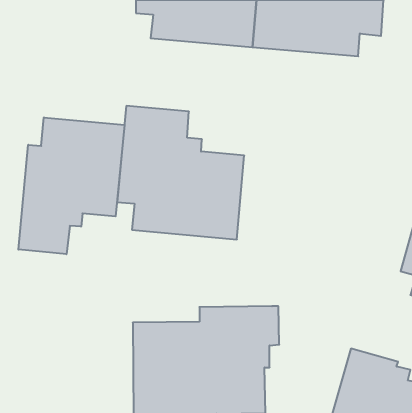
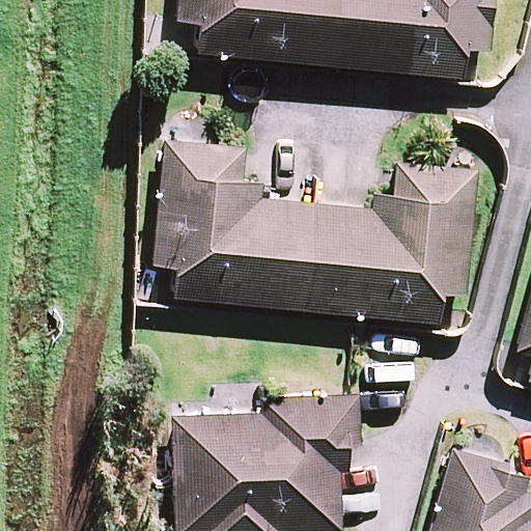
building: [18,117,124,254] -> none
building: none -> [307,162,476,320]

